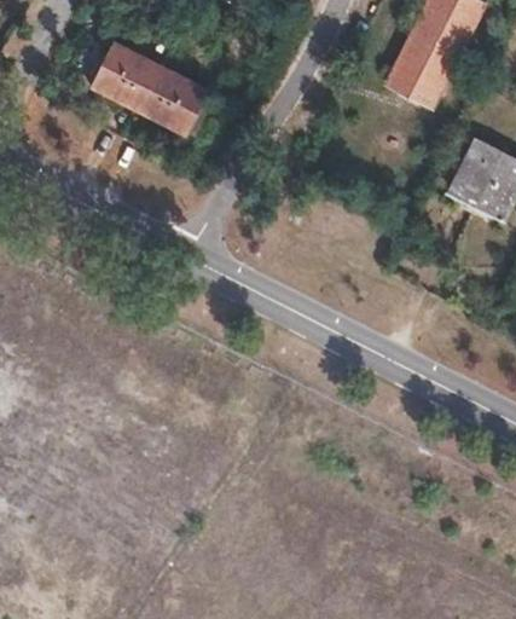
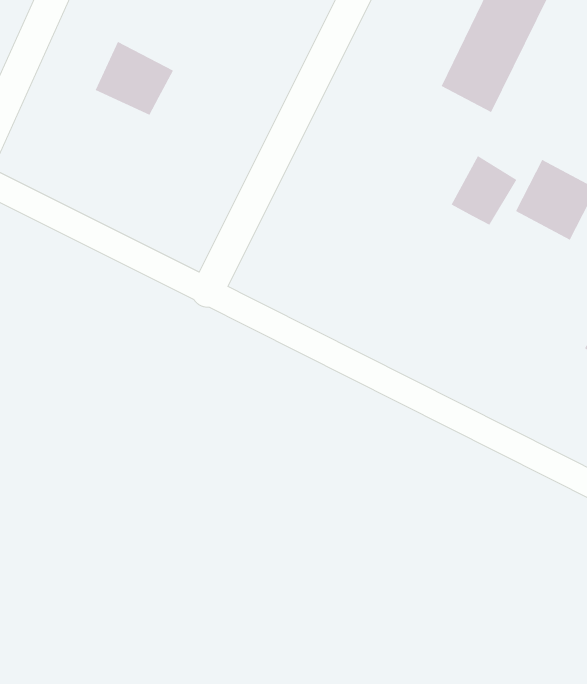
building: [139,69,205,133] -> none
building: none -> [451,155,517,225]

